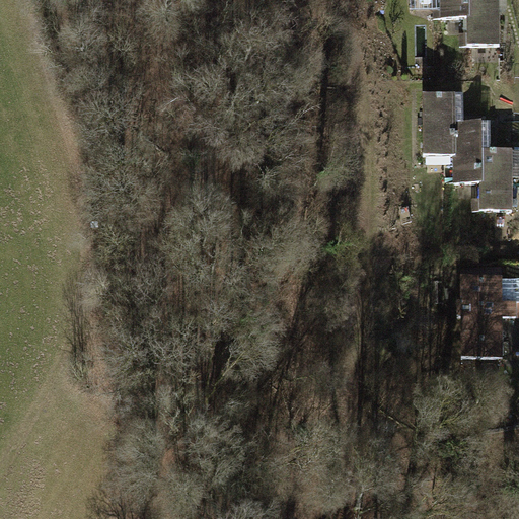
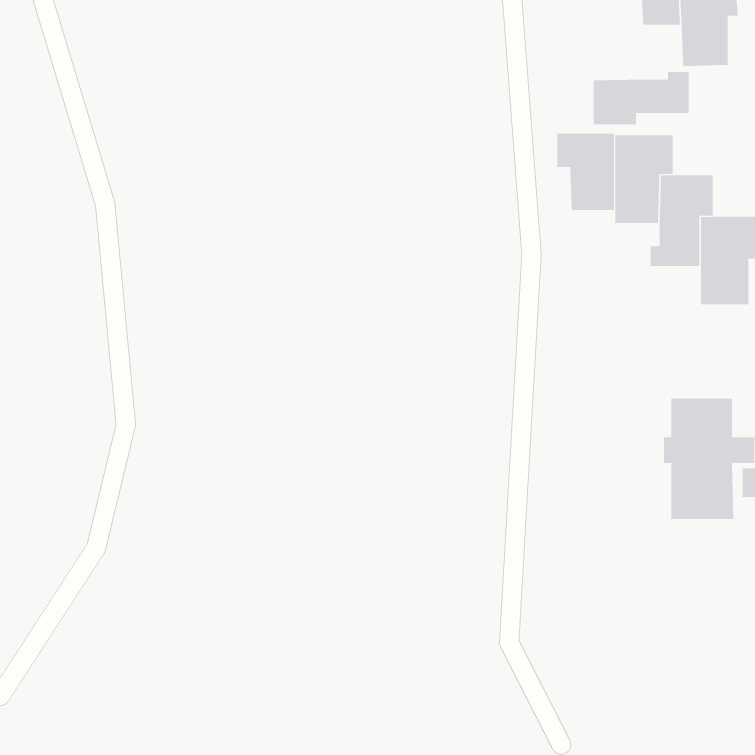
building: none -> [593,71,689,125]
building: none -> [557,133,614,211]

